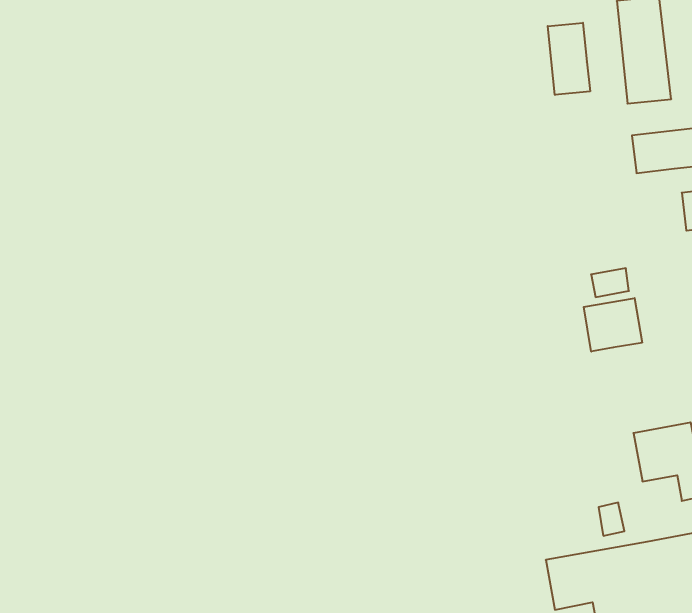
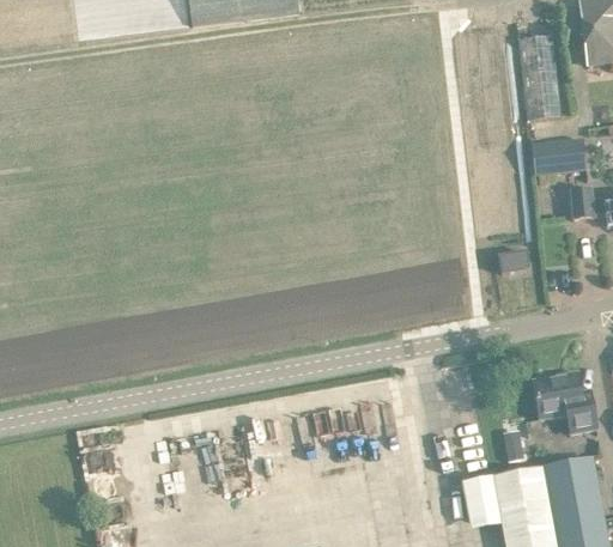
building: [548,23,590,95] -> none
building: [584,298,642,352] -> none

